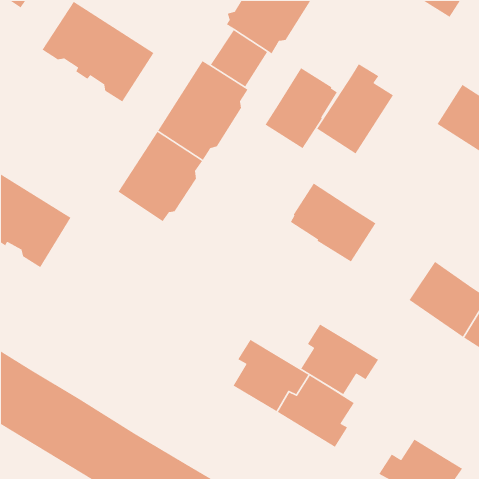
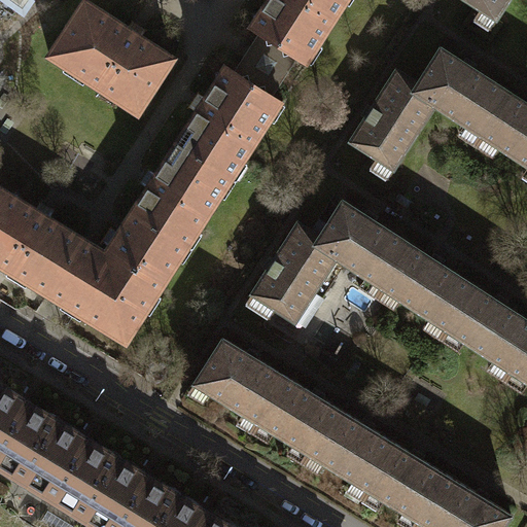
building: none -> [412,49,507,138]
building: [264,67,338,149] -> none
building: none -> [46,212,180,343]
building: none -> [249,223,349,325]
building: none -> [386,246,478,330]
building: none -> [191,339,276,424]
building: [300,324,379,395] -> [368,443,455,521]

